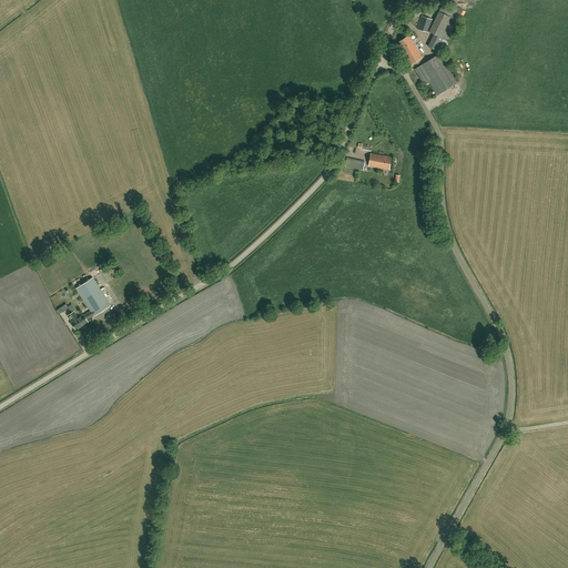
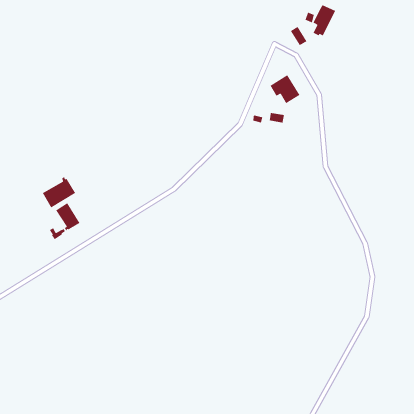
building: [414,53,456,94] -> [270,74,300,104]
building: none -> [42,176,76,209]

